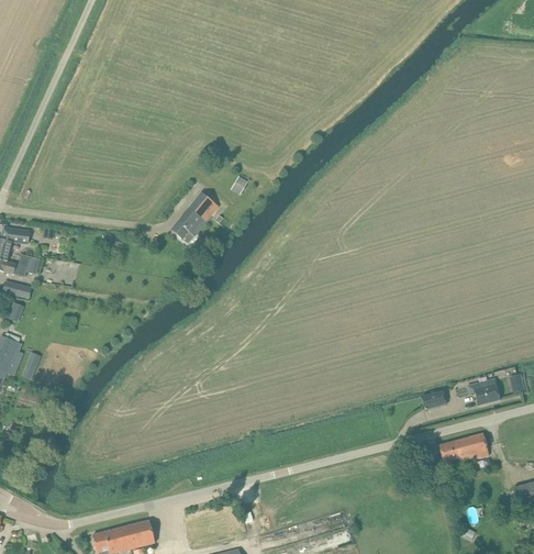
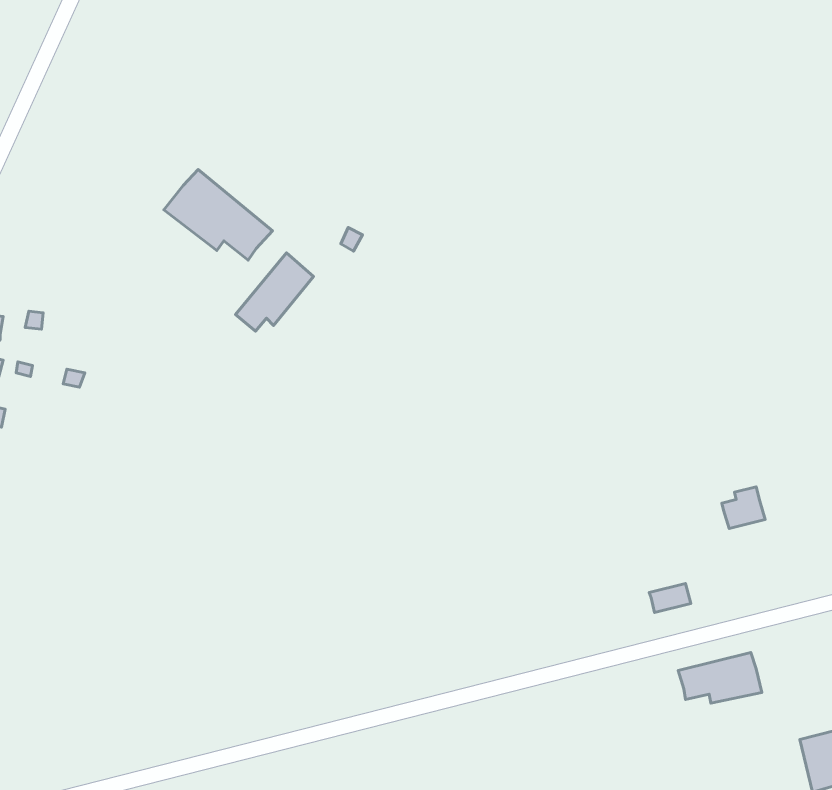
building: none -> [164,170,272,260]
building: [474,379,500,405] -> [722,487,765,528]

